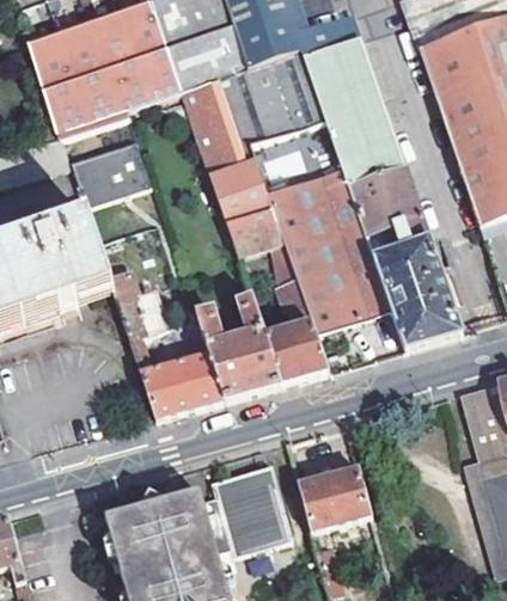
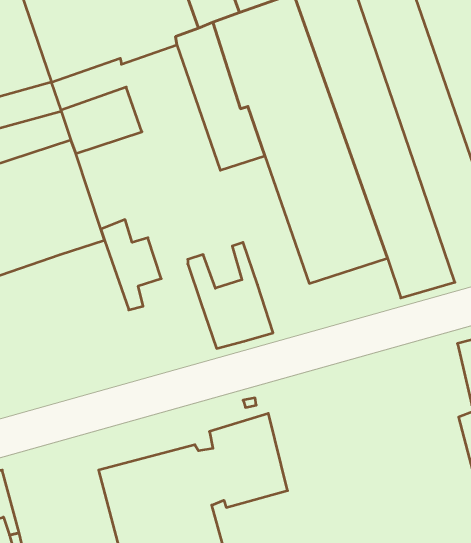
building: [226,206,328,381] -> none
building: [140,351,222,417] -> none
building: [299,468,375,553] -> none

